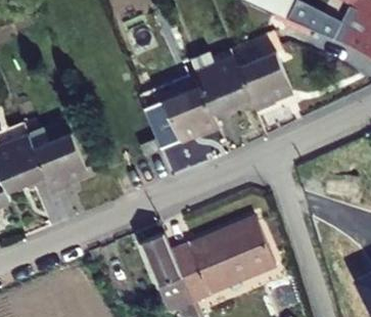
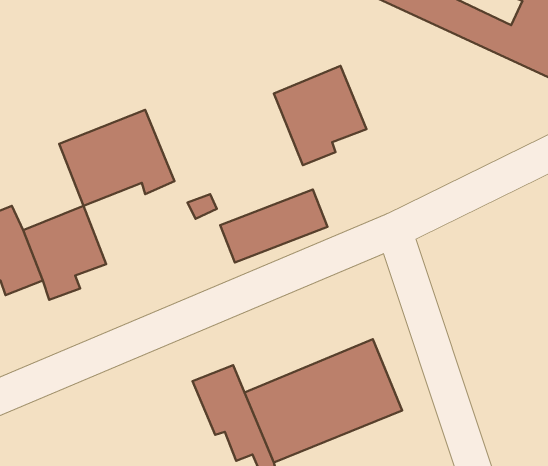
building: [229,19,290,105] -> none
building: [142,78,215,138] -> [59,110,175,206]

